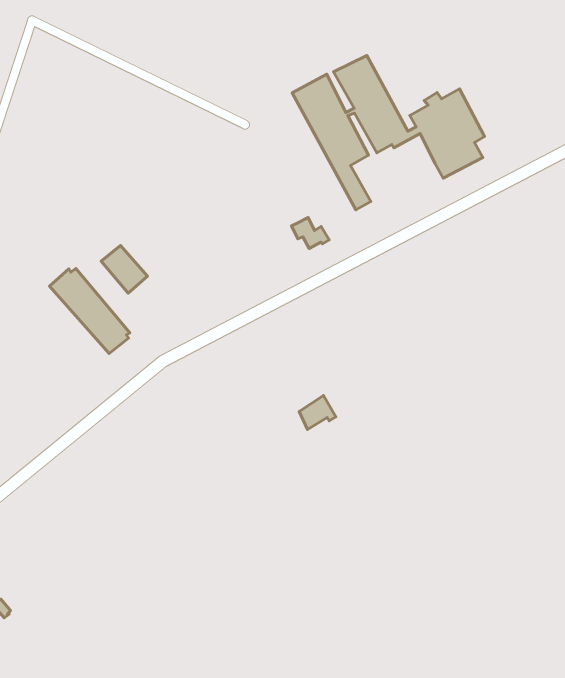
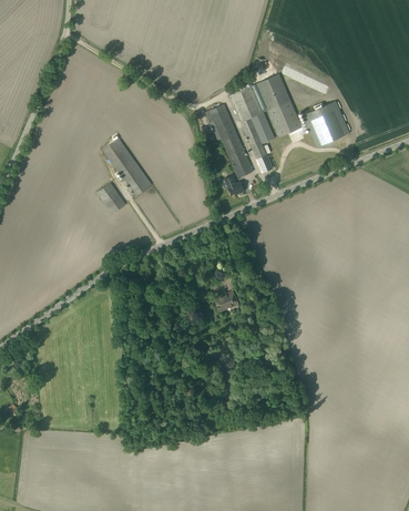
building: none -> [204,103,253,176]
building: [50,268,130,353] -> [102,139,151,195]

